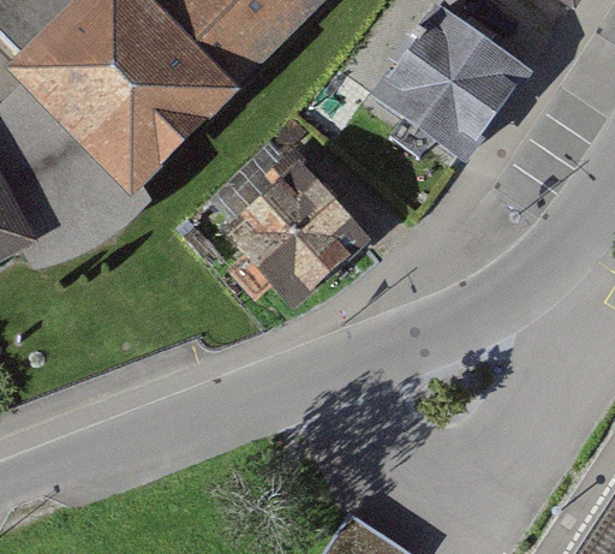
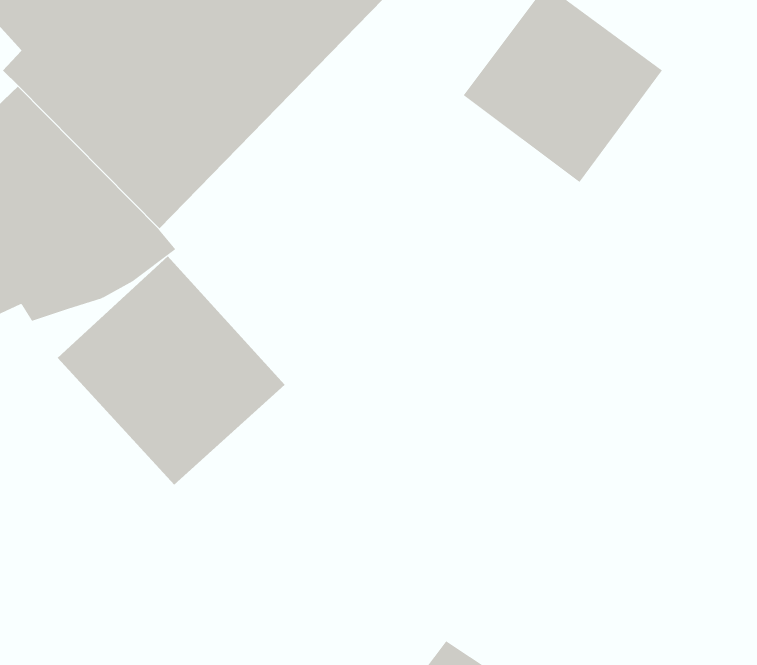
building: [226,159,366,300] -> none
building: none -> [57,256,285,485]

